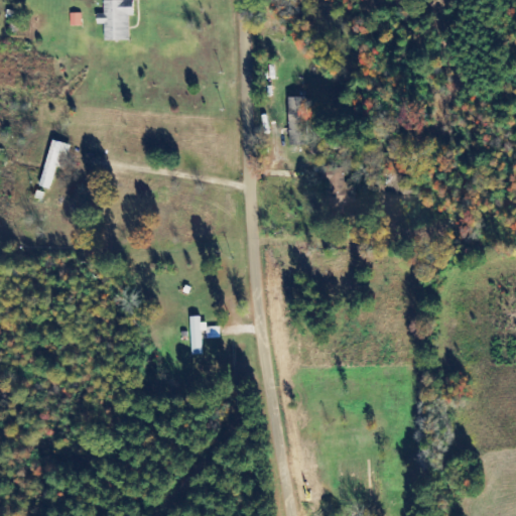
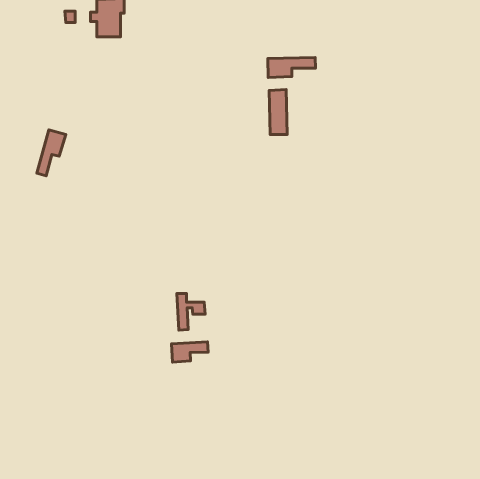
building: none -> [268,58,315,78]
building: none -> [171,342,208,362]

